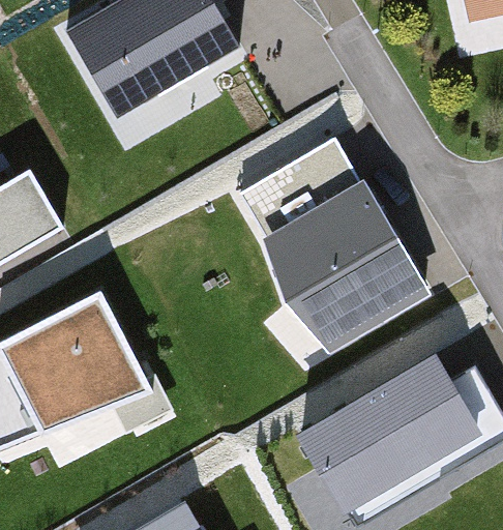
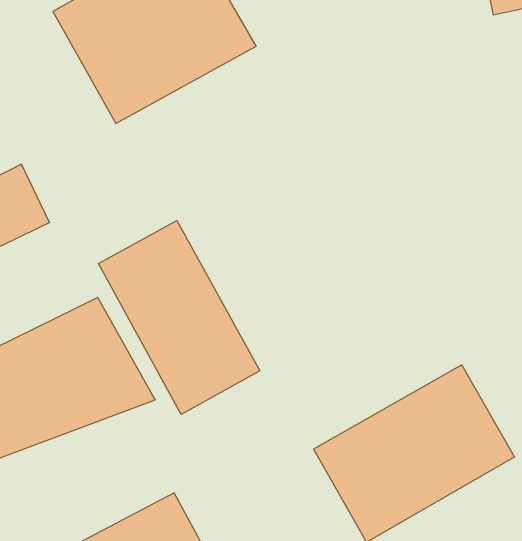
building: [239,141,416,346] -> none
building: none -> [99,221,260,414]

